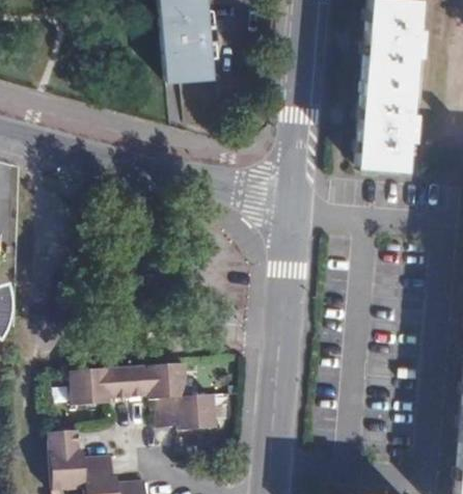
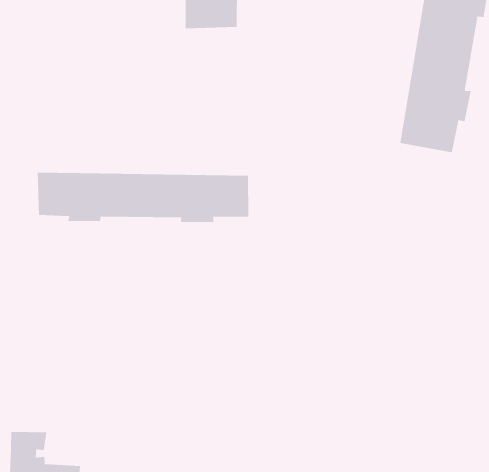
building: none -> [37,172,249,223]
building: [74,362,221,429] -> none

